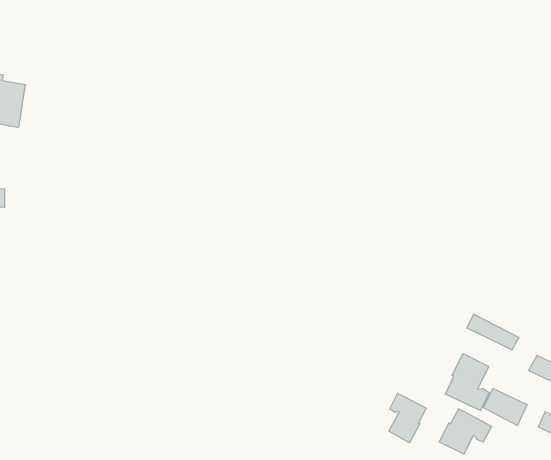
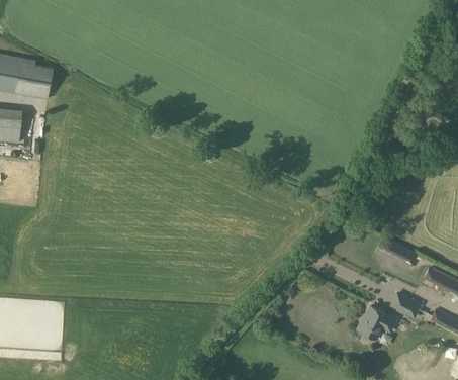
building: [445,354,489,411] -> none
building: [389,393,426,443] -> none

